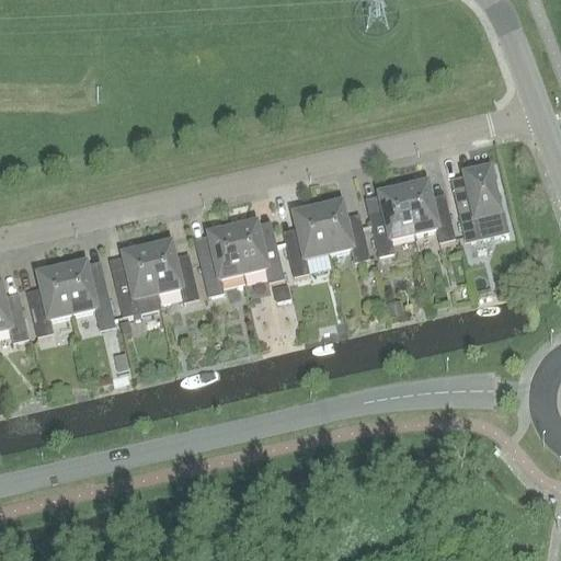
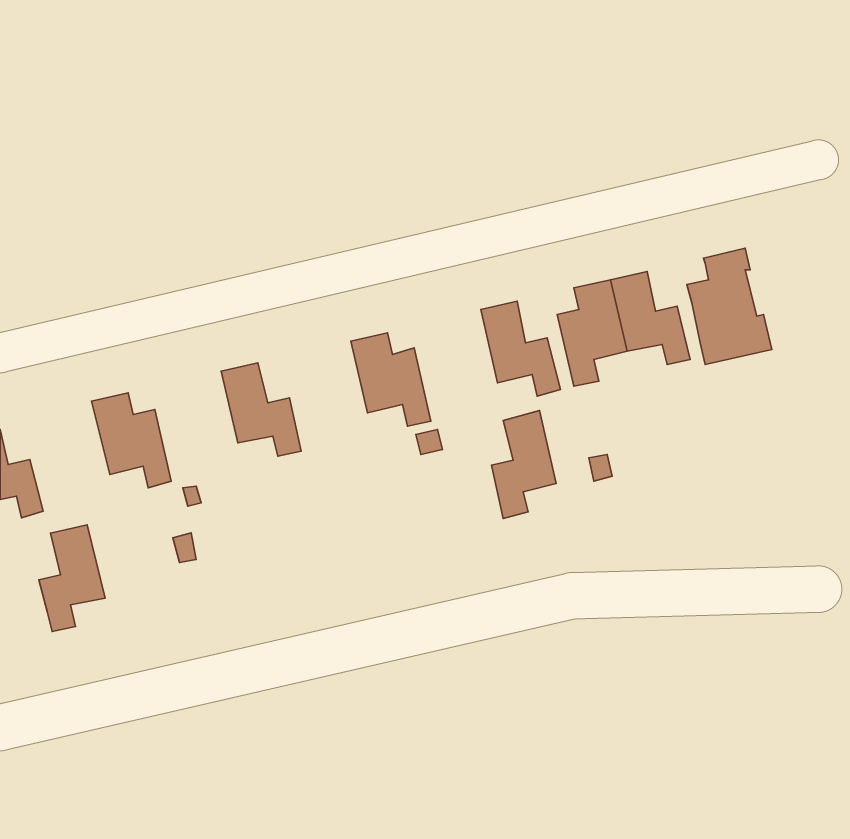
building: [285,204,328,275] -> [491,410,556,519]
building: [196,225,242,295] -> none
building: [112,244,160,314] -> none
building: [28,264,72,334] -> [39,525,105,631]

